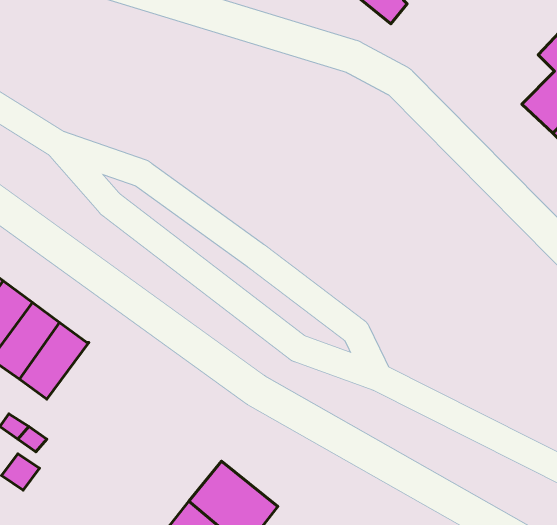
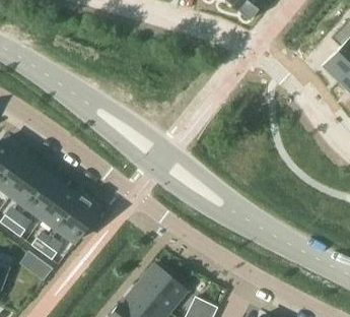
building: none -> [57,196,96,242]

